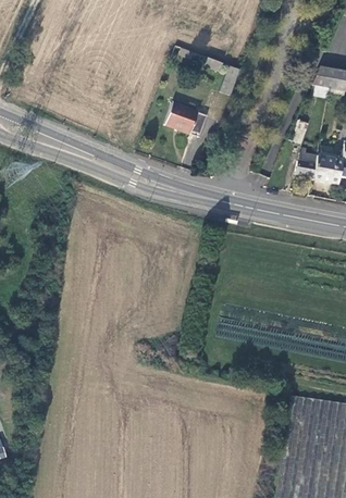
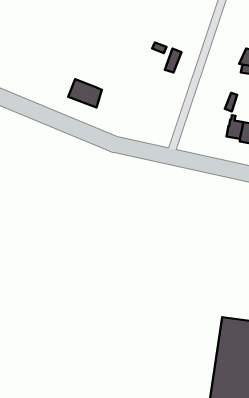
building: [165,102,207,137] -> [68,79,102,107]

